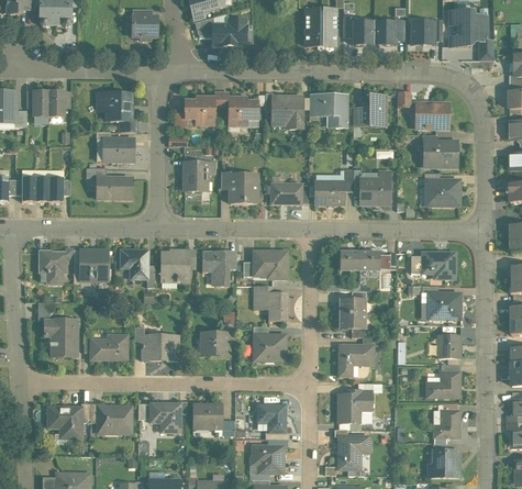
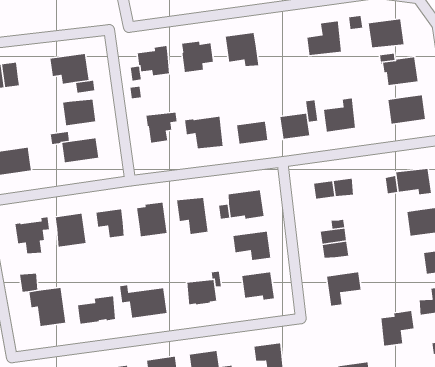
building: [309,93,346,126] -> none
building: [338,390,371,422] -> [381,310,414,347]

